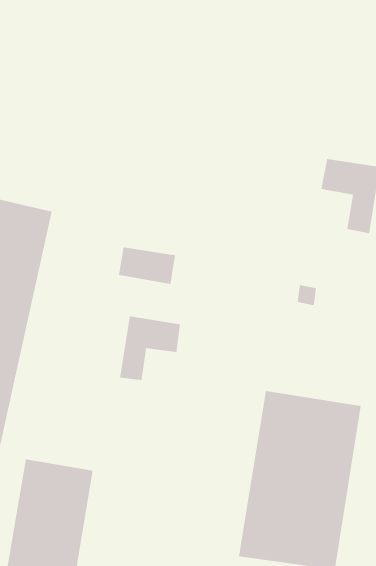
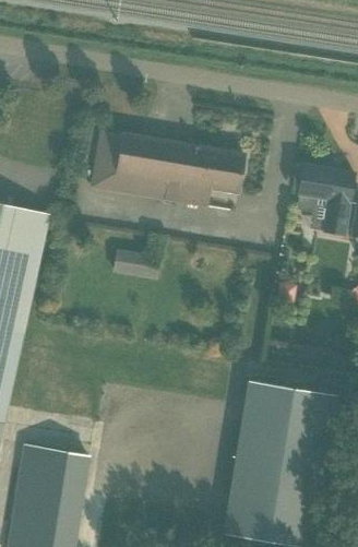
building: none -> [93,130,244,206]
building: [119,315,180,381] -> none

